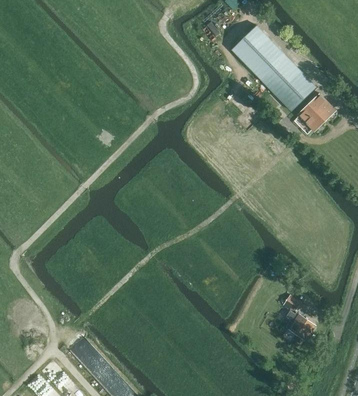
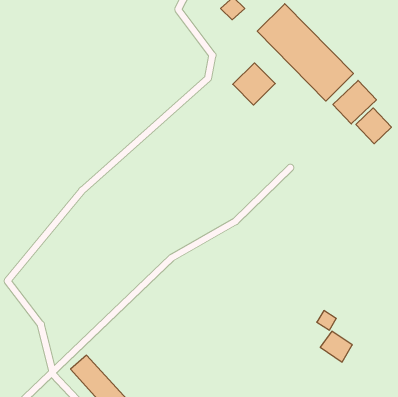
building: none -> [233,63,275,105]
building: none -> [356,108,391,144]

